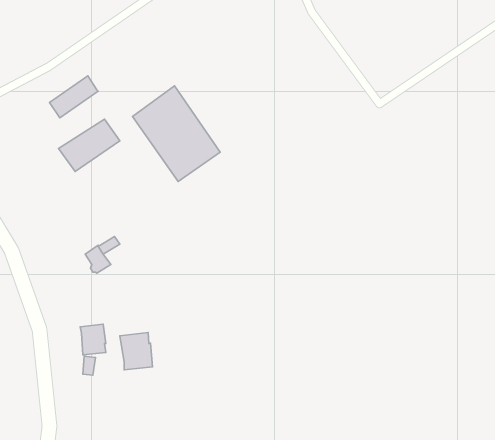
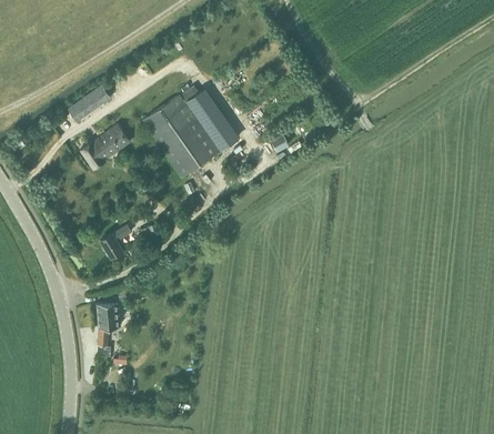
building: none -> [188,90,238,149]
building: [120,333,153,370] -> none

